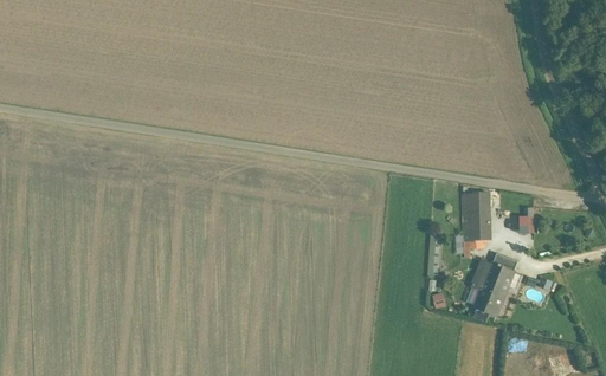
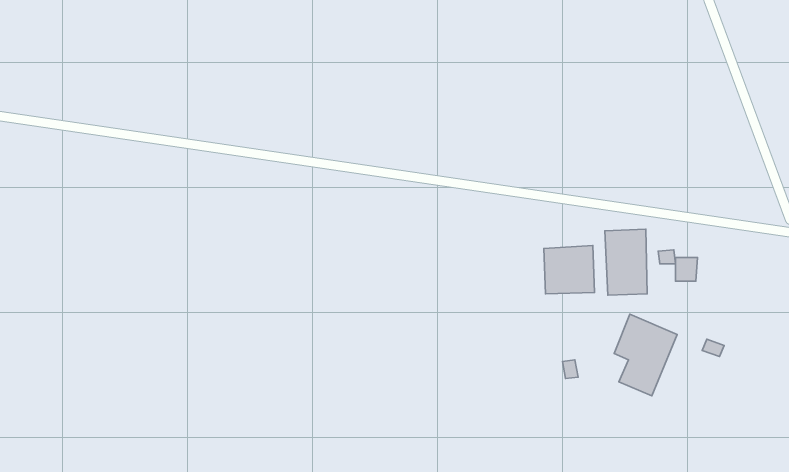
building: none -> [544,245,595,294]

